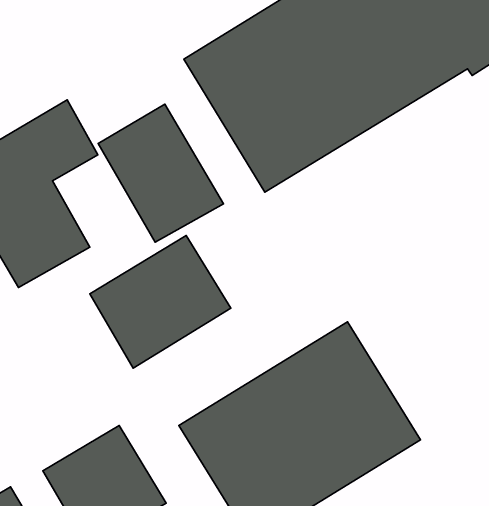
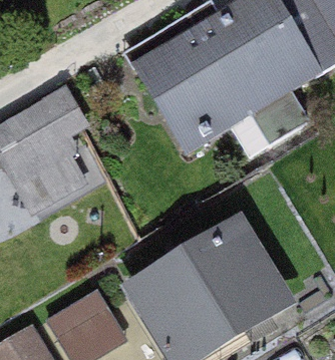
building: [98,104,224,242] -> none
building: [90,235,231,368] -> none

